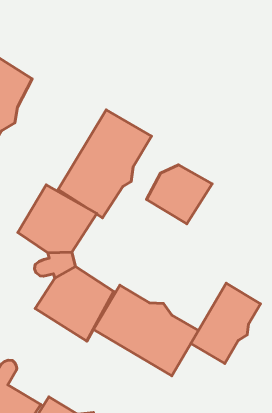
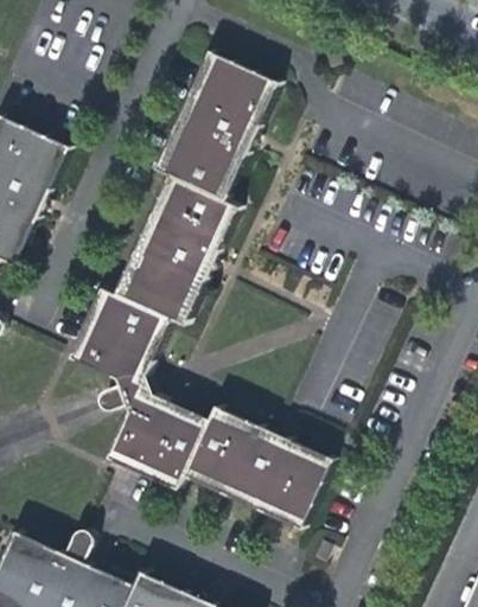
building: none -> [157,51,278,199]
building: [147,165,212,224] -> none
building: [191,283,261,364] -> none

